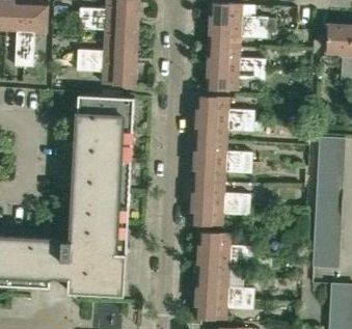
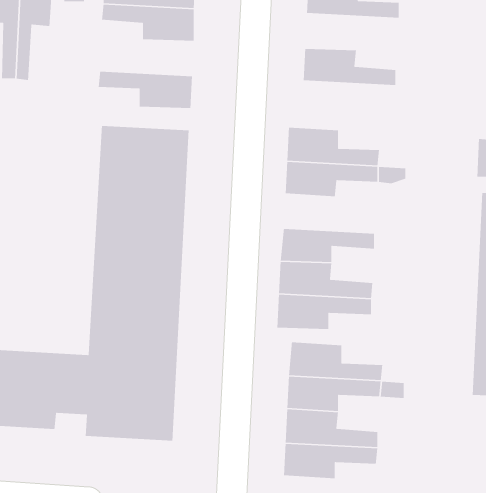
building: [207,24,267,47] -> none
building: [77,40,137,63] -> none
building: [205,66,265,89] -> none
building: [193,138,252,163] -> none

